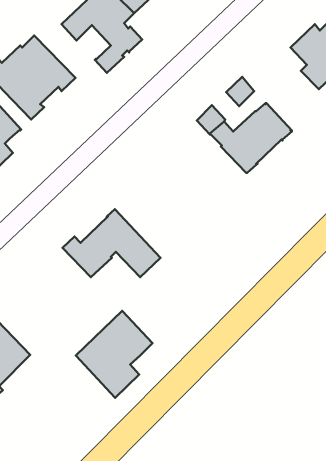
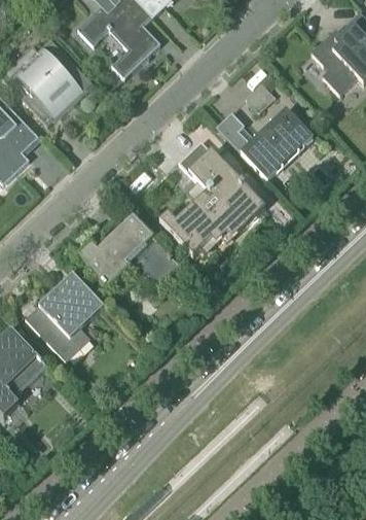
building: none -> [158,140,264,255]
building: [76,311,152,398] -> [25,273,103,361]

